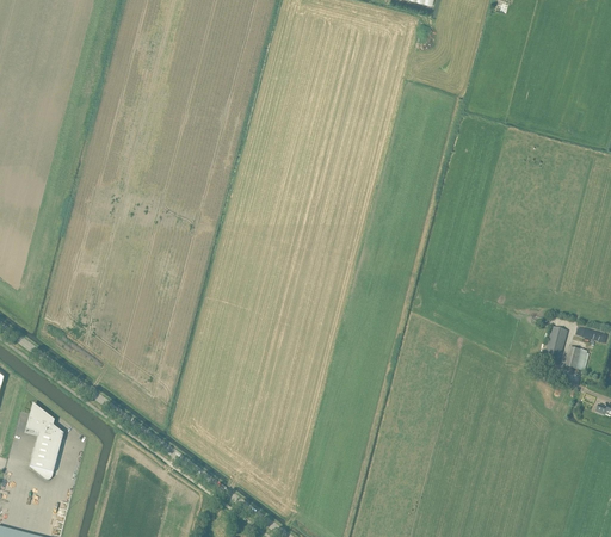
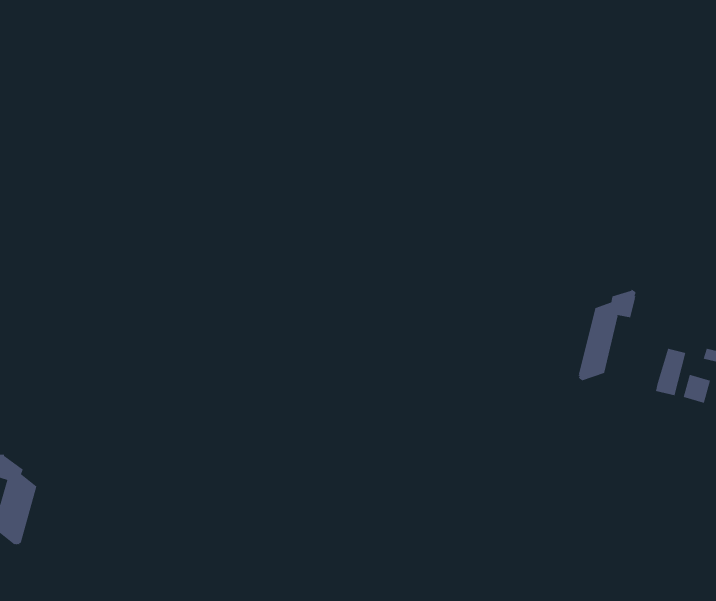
building: none -> [578,288,636,381]

